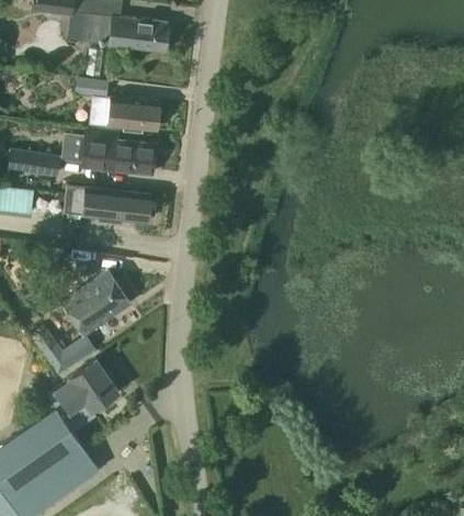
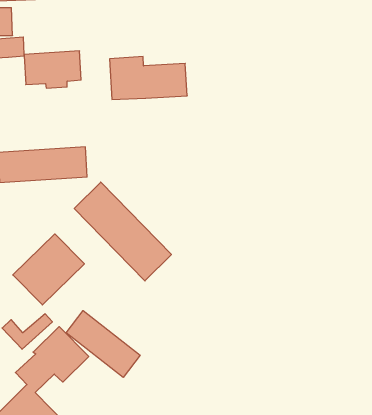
building: [81,128,156,176] -> [110,57,187,99]
building: none -> [74,182,171,281]
building: none -> [66,311,140,377]

